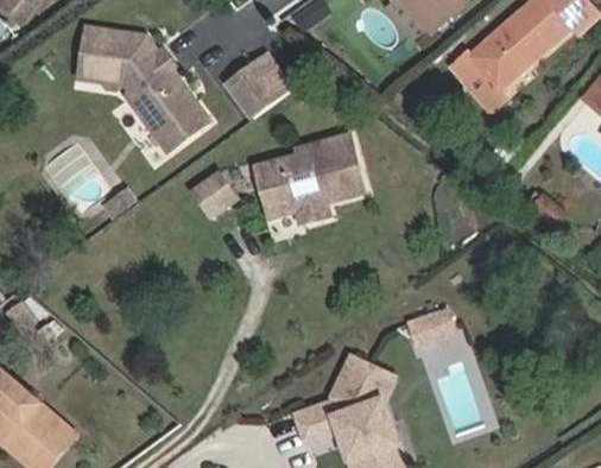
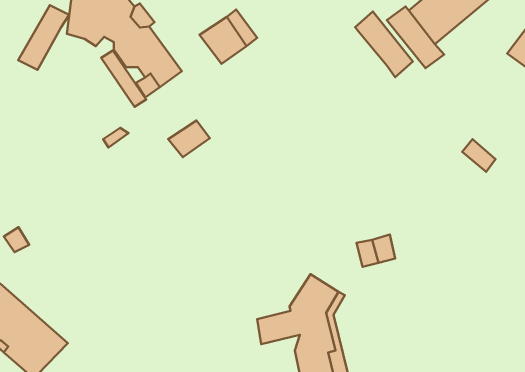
building: none -> [18,5,69,70]
building: none -> [355,12,413,77]
building: [252,134,359,227] -> none

